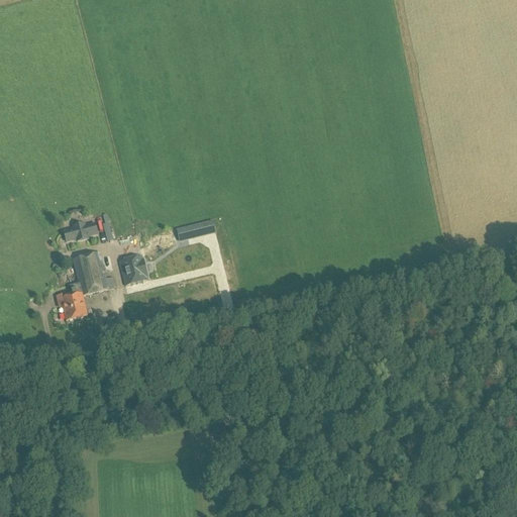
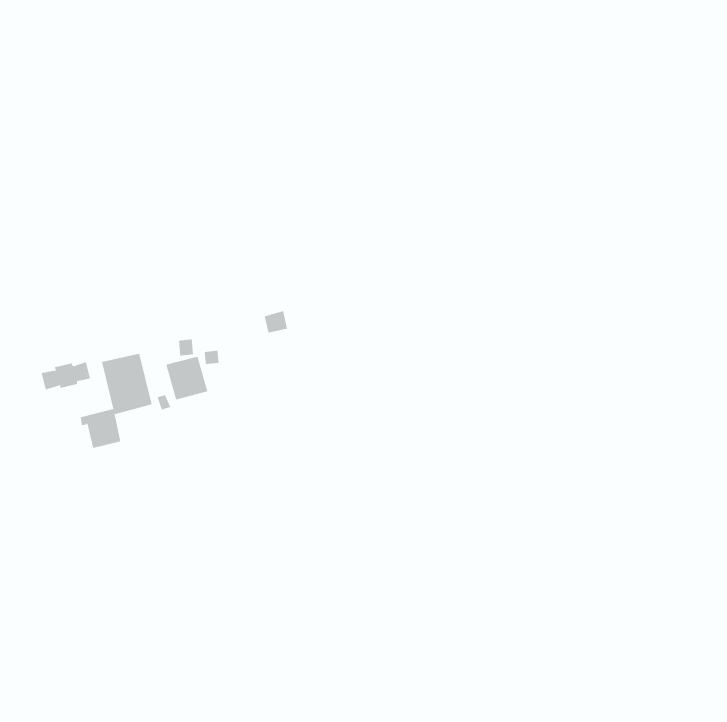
building: [62,220,97,240] -> [41,362,91,390]

